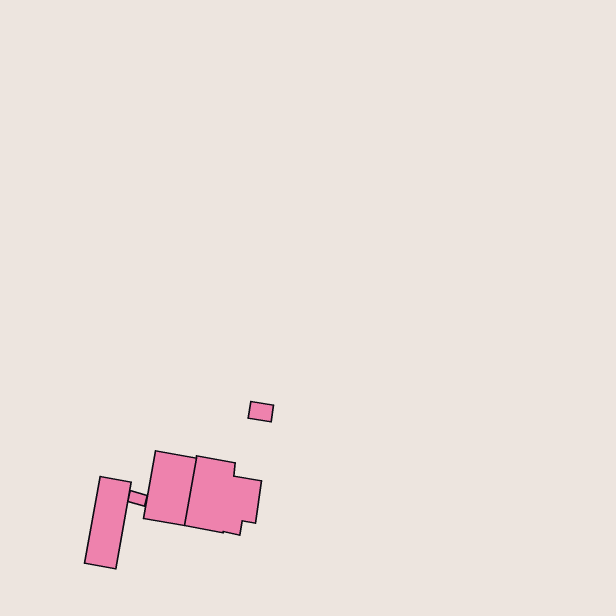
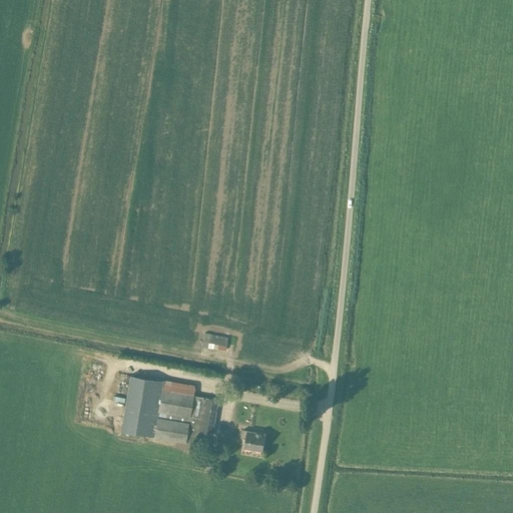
building: [85,477,131,569] -> none
building: none -> [241,430,266,451]

